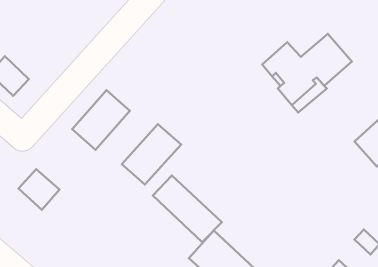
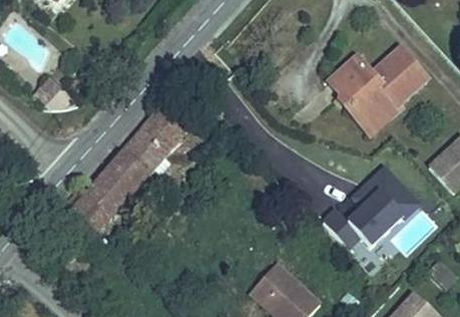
building: [122,124,181,185] -> [84,152,148,218]
building: none -> [324,165,418,249]
building: [153,175,222,242] -> none

